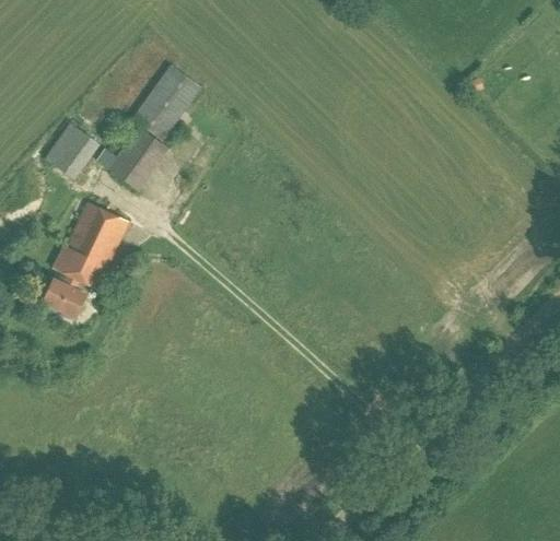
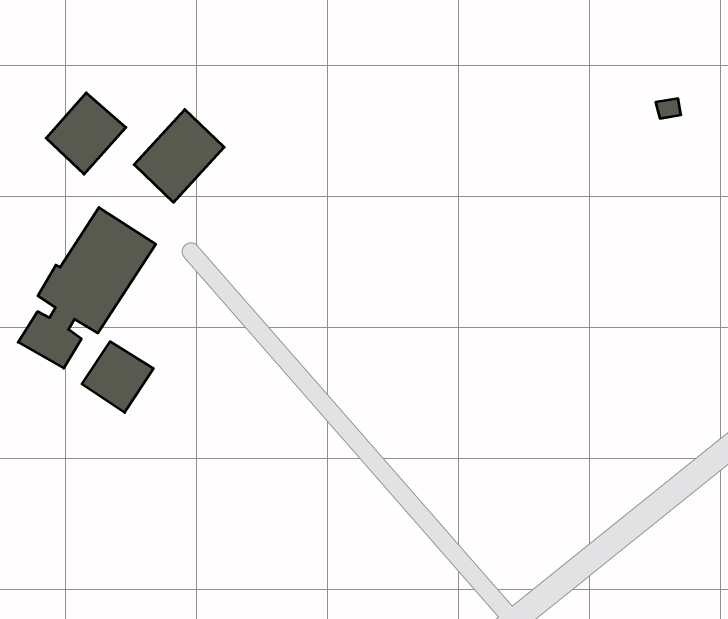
building: [130,66,201,142] -> none
building: none -> [82,342,153,413]

